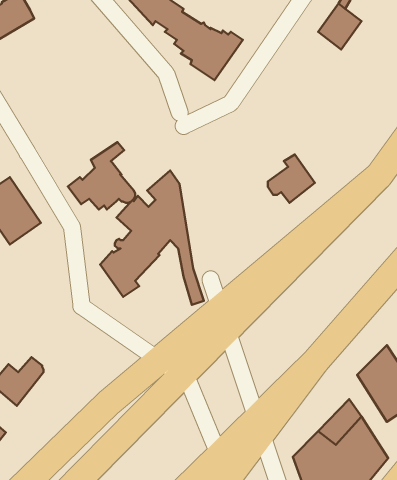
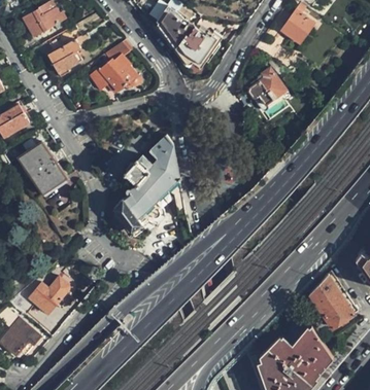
building: none -> [49,38,81,73]
building: [68,142,135,209] -> [88,40,139,92]
building: [268,155,315,203] -> [247,68,283,105]

